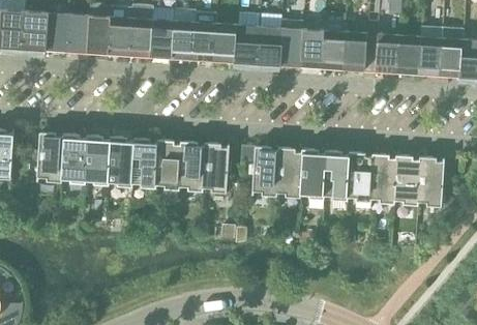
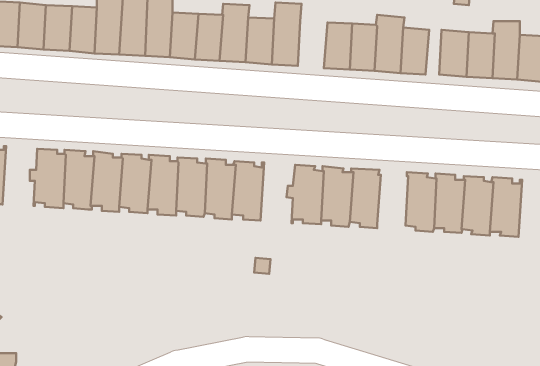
building: [257,27,281,66] -> none
building: [323,151,349,201] -> none

